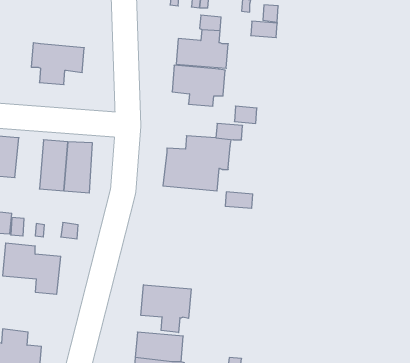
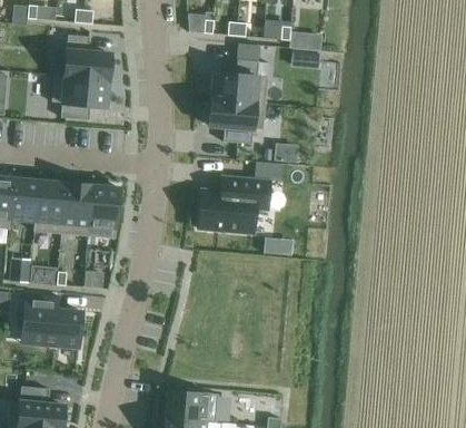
building: none -> [62,35,112,79]
building: none -> [34,177,66,233]
building: [141,285,191,333] -> none

